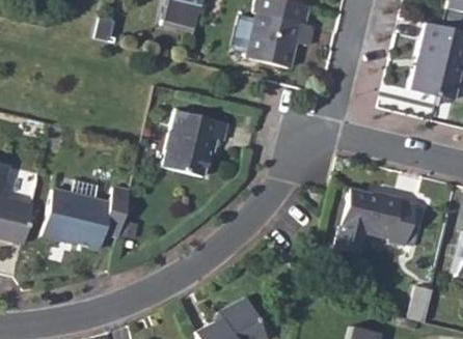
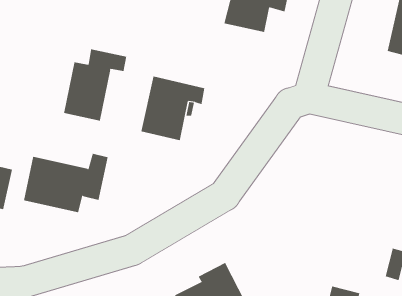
building: none -> [63,48,127,122]
building: [337,188,421,250] -> none

